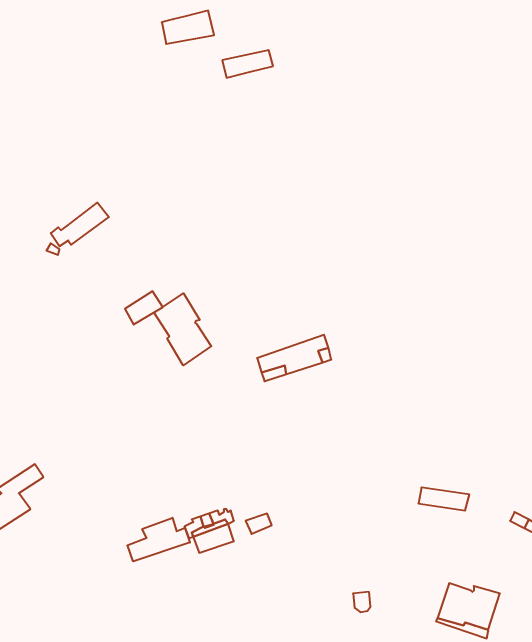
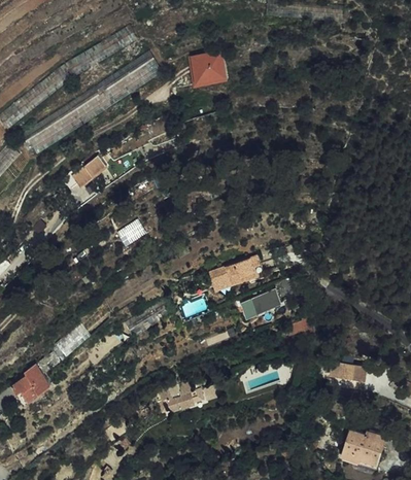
building: [162,11,214,44] -> [190,66,227,90]
building: [154,293,211,365] -> none
building: none -> [240,284,283,317]
building: [127,518,190,561] -> none

